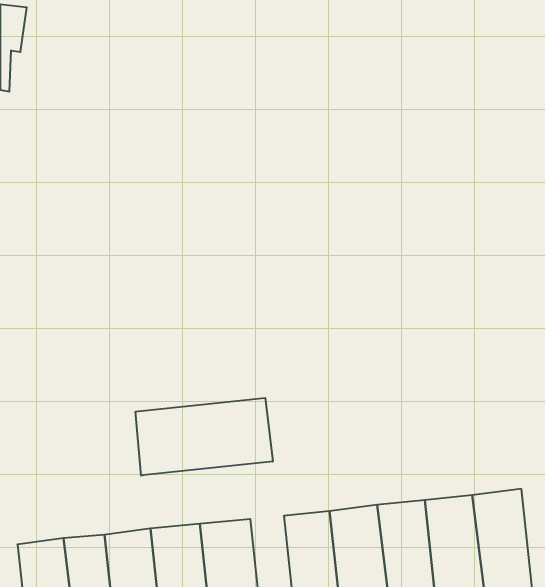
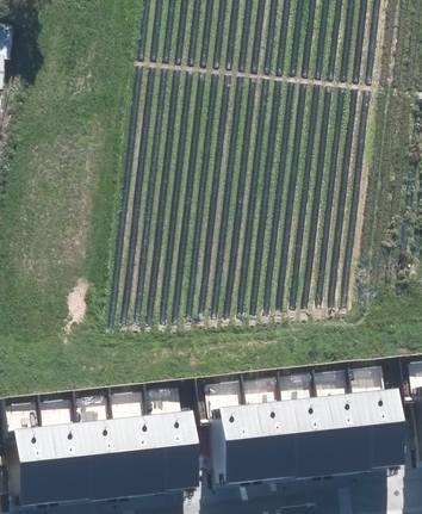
building: [136,398,273,476] -> none

